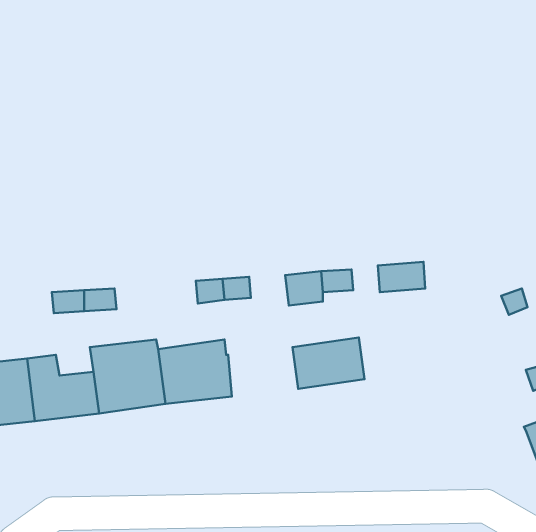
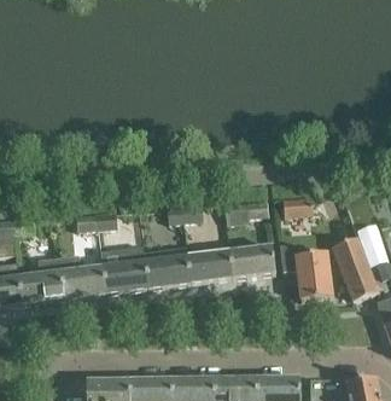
building: none -> [332,237,377,300]
building: none -> [279,242,331,298]
building: none -> [187,251,232,283]

